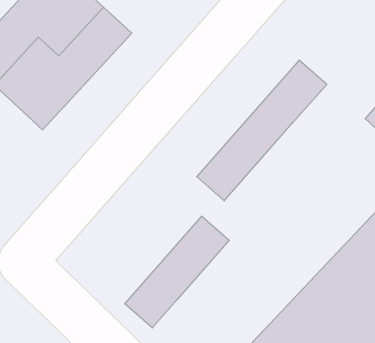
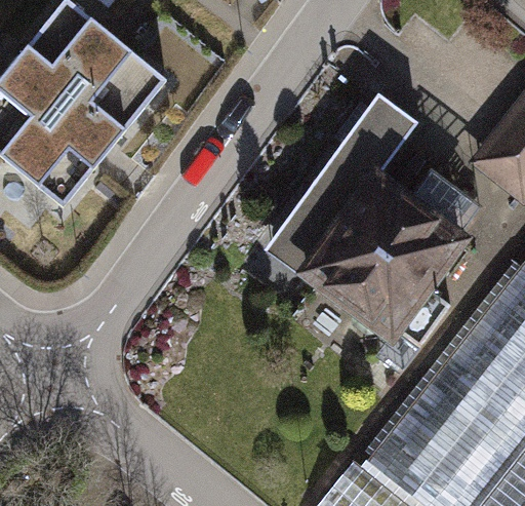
building: none -> [305,176,470,346]
building: [125,216,229,328] -> none

